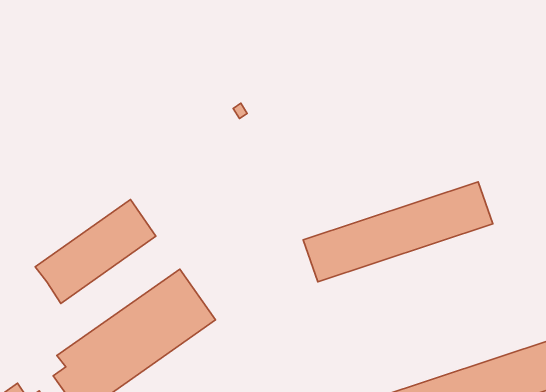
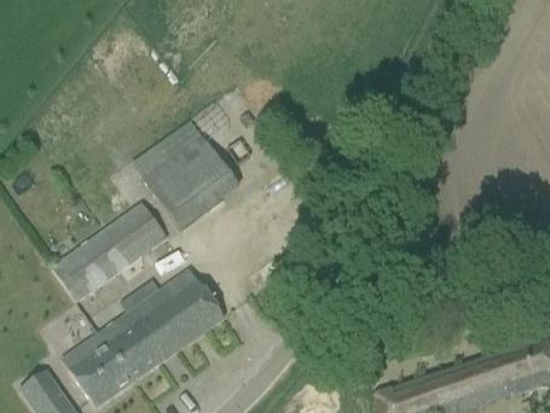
building: none -> [140,132,235,222]
building: [303,182,493,282] -> none

